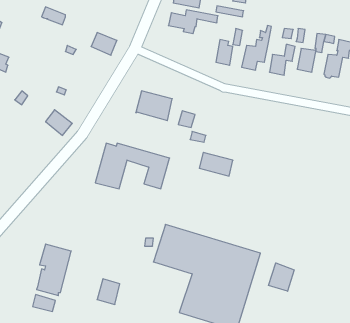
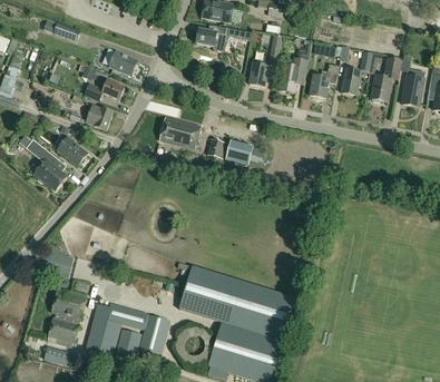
building: none -> [84,80,124,100]
building: none -> [85,105,113,130]
building: none -> [26,138,66,189]
building: [95,143,170,189] -> [85,303,168,354]
building: [199,152,233,176] -> [225,140,263,167]
building: [269,263,294,291] -> none

